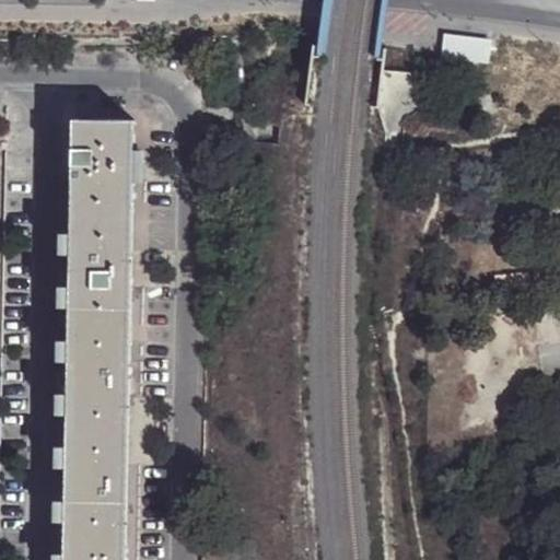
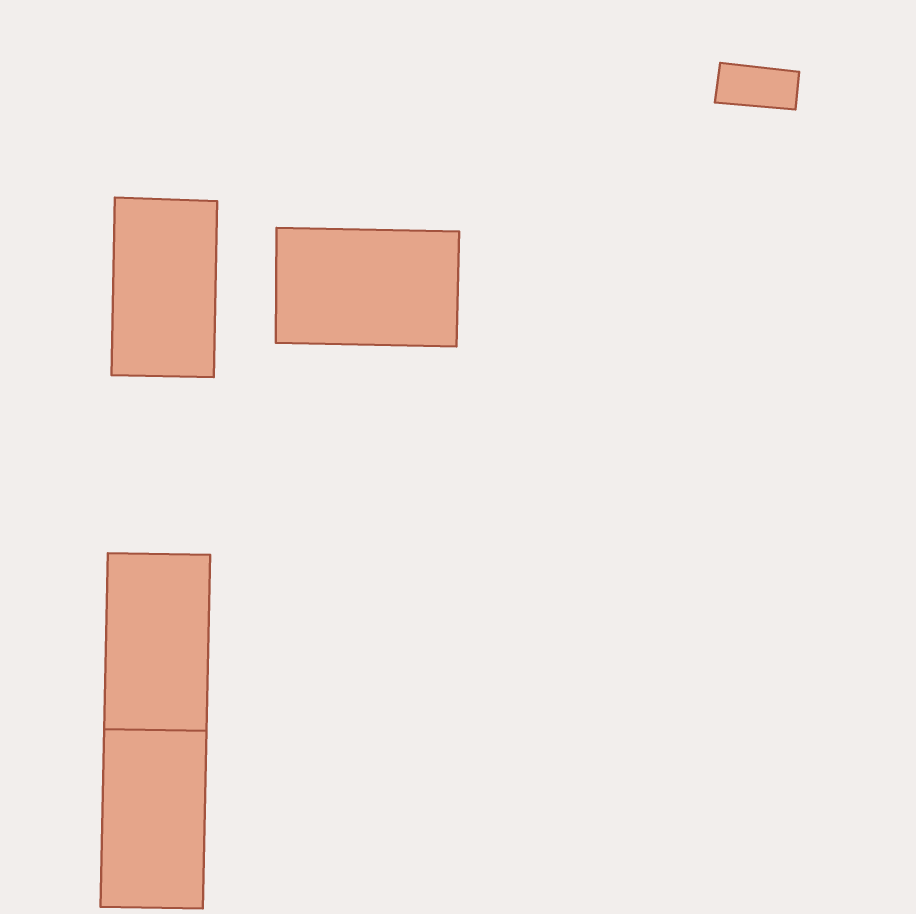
building: none -> [276,228,459,347]
building: [66,231,130,340] -> none

